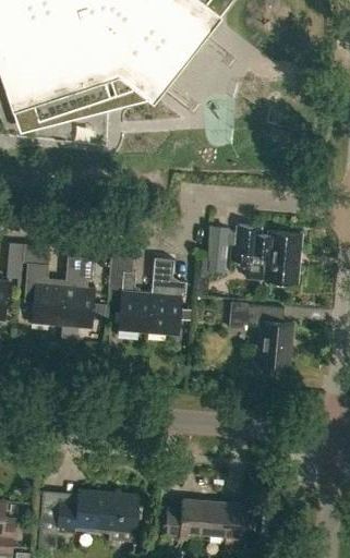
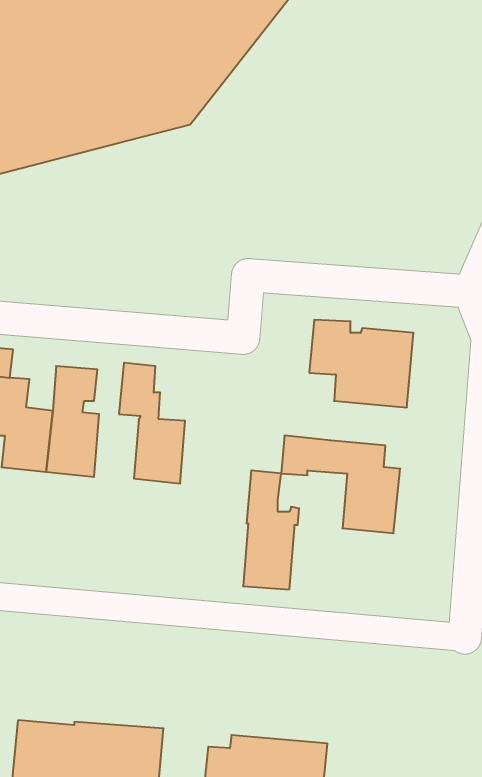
building: [200,227,228,276] -> none
building: [149,256,186,335] -> [243,470,299,589]

